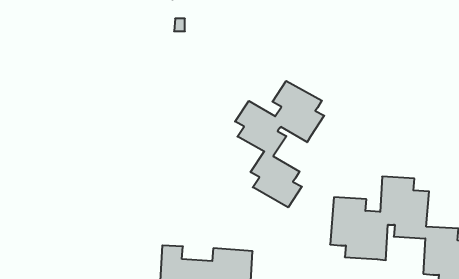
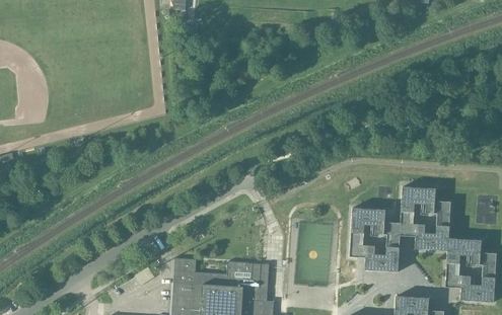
building: [235,81,324,207] -> none

